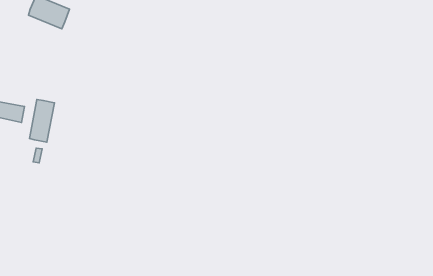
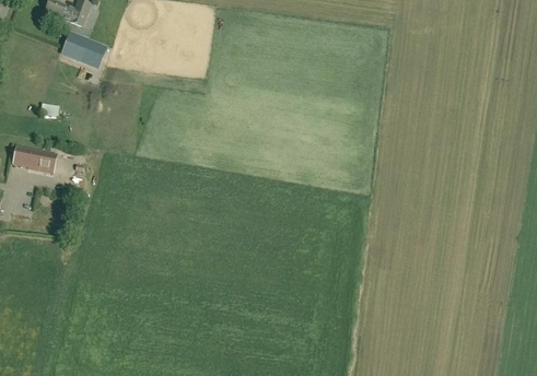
building: [30,99,54,142] -> none

